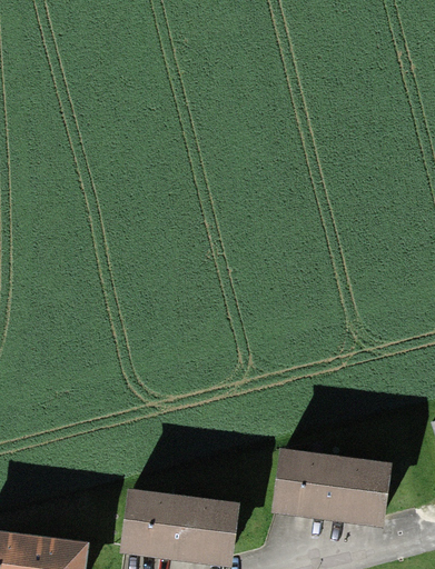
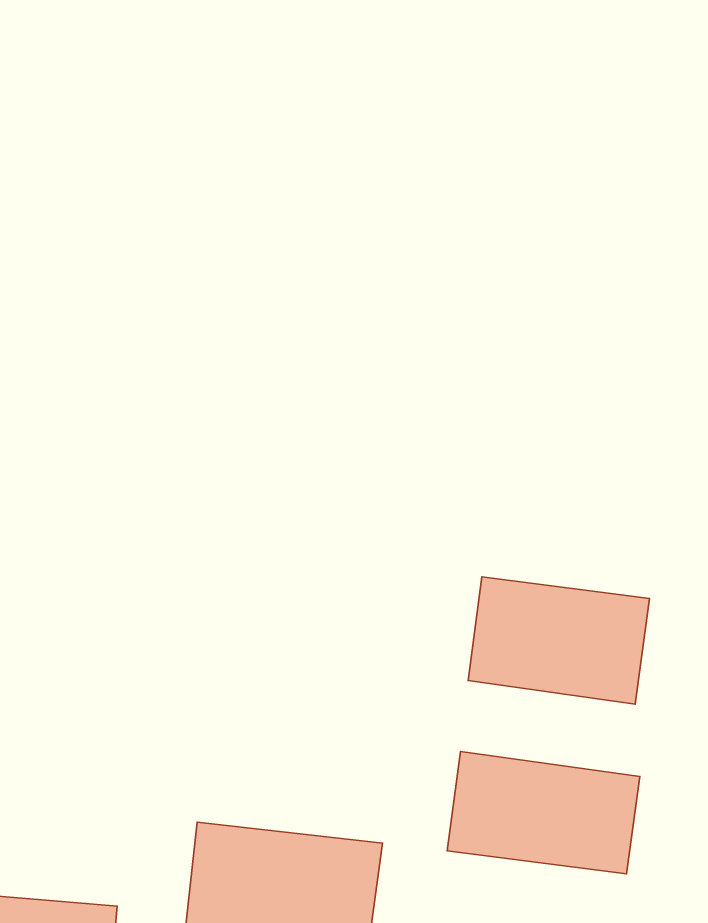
building: none -> [468,577,649,704]

